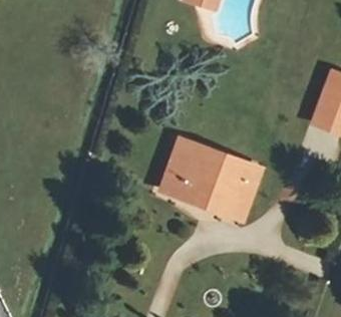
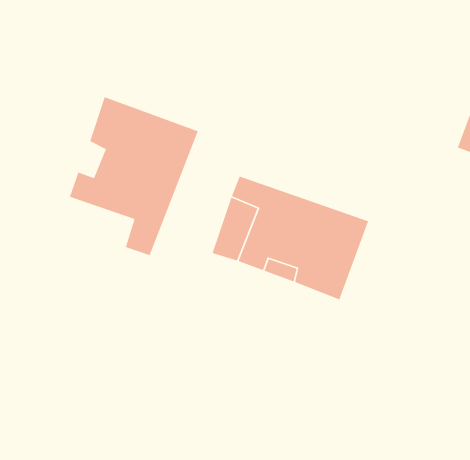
building: none -> [69,96,199,256]

